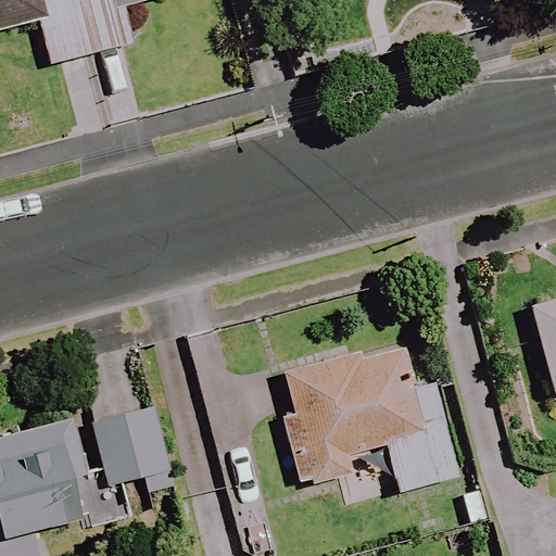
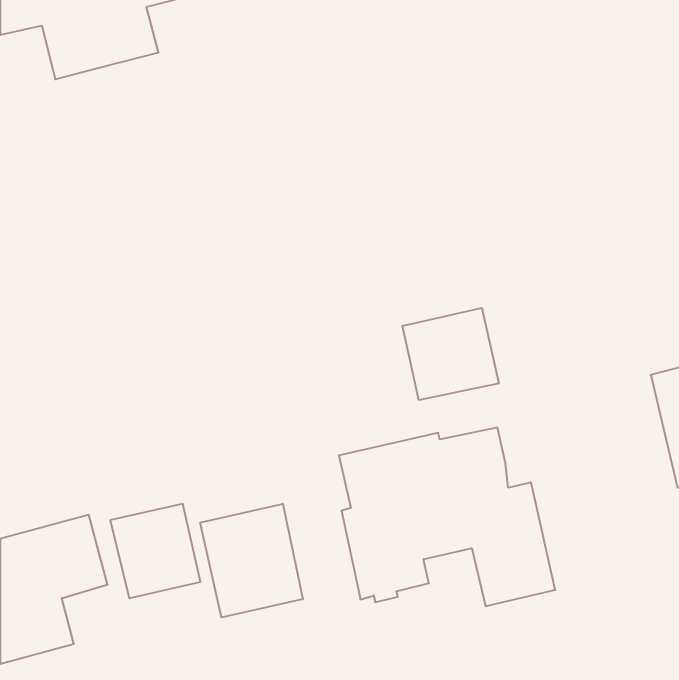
building: none -> [402,308,499,400]
building: none -> [200,504,303,617]

